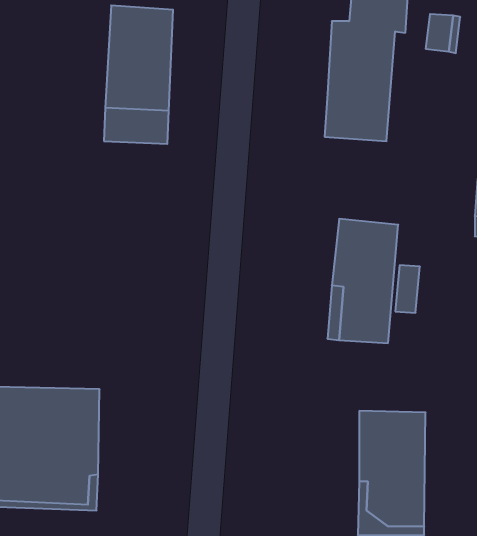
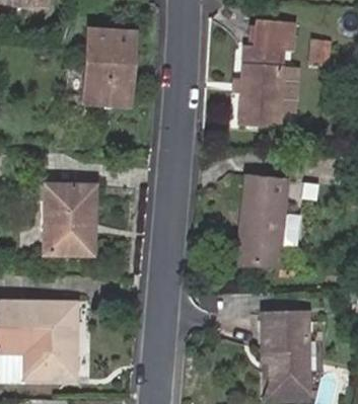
building: none -> [44,183,92,248]

